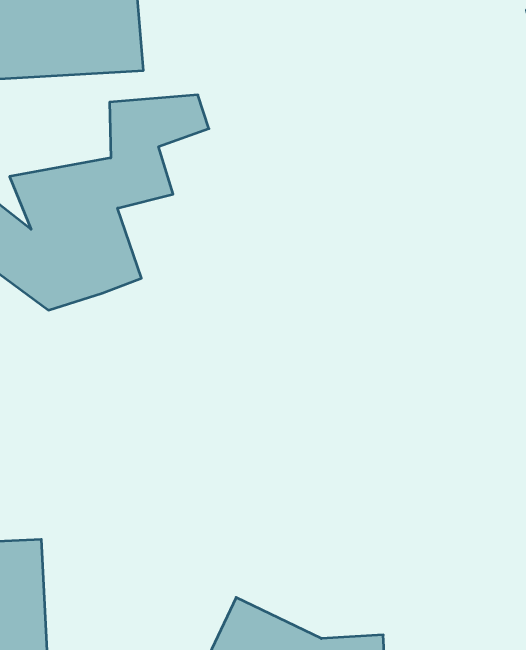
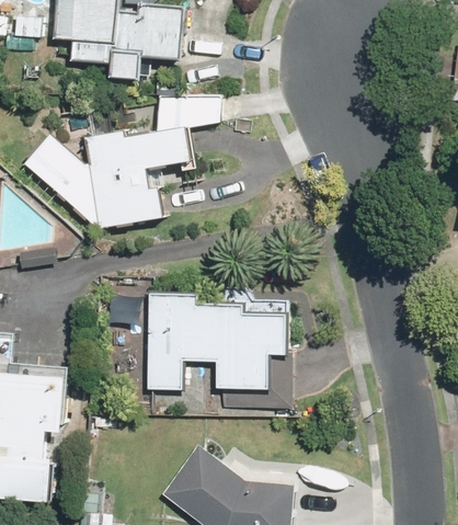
building: none -> [148,293,296,395]

